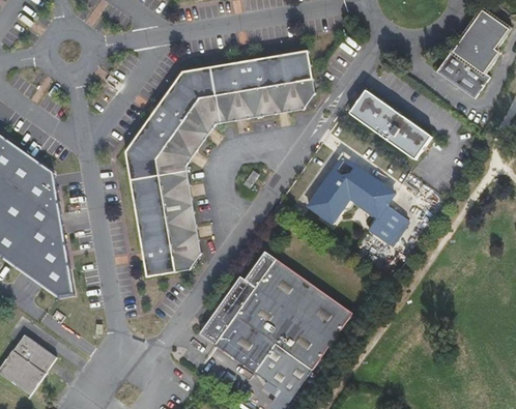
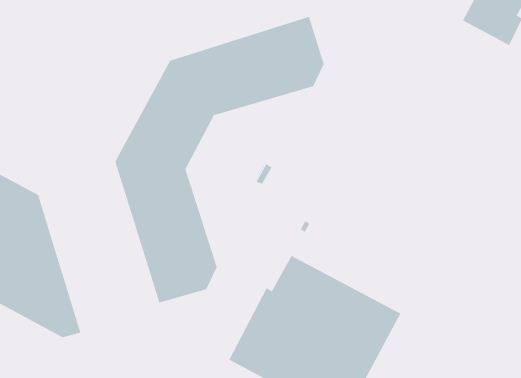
building: [348,90,430,159] -> none
building: [308,159,406,245] -> none

